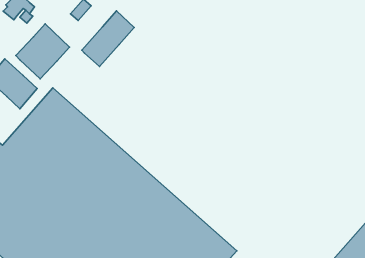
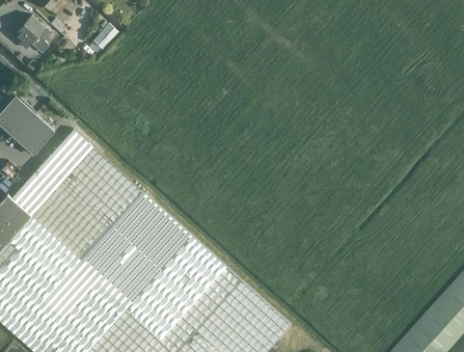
building: [82,11,134,67] -> none
building: [16,24,69,79] -> none

